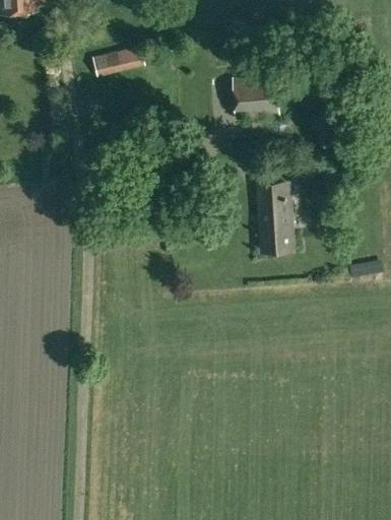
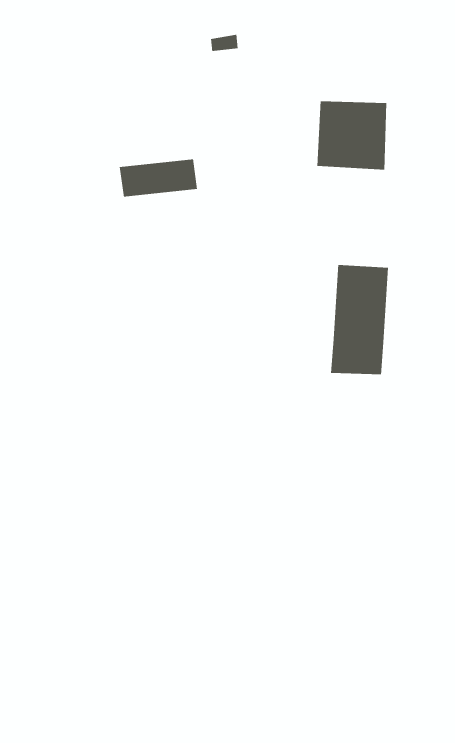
building: [92,46,145,76] -> [119,159,198,197]

